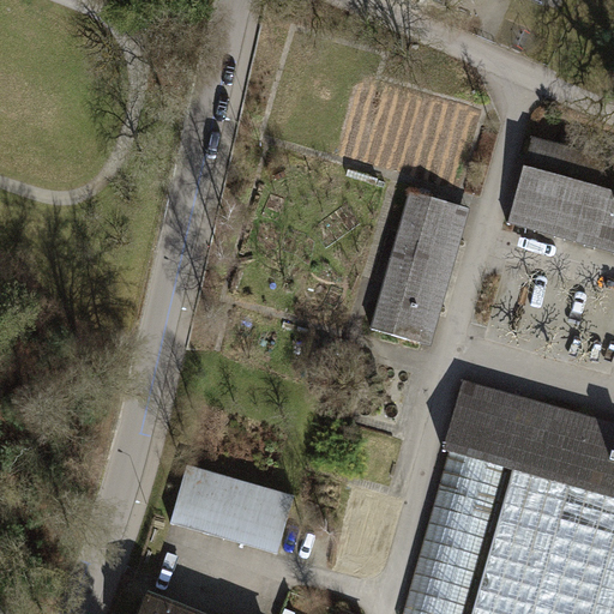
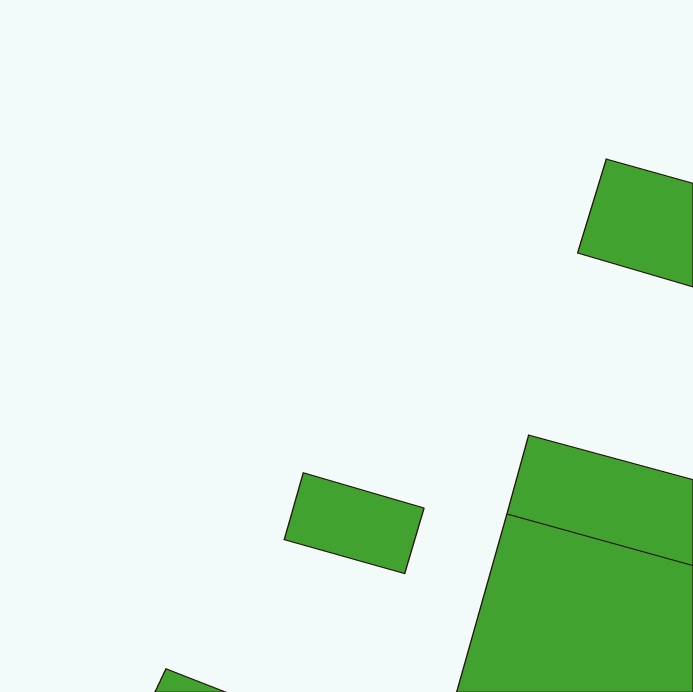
building: [372,197,470,347] -> none
building: [170,466,294,555] -> [284,473,424,573]

